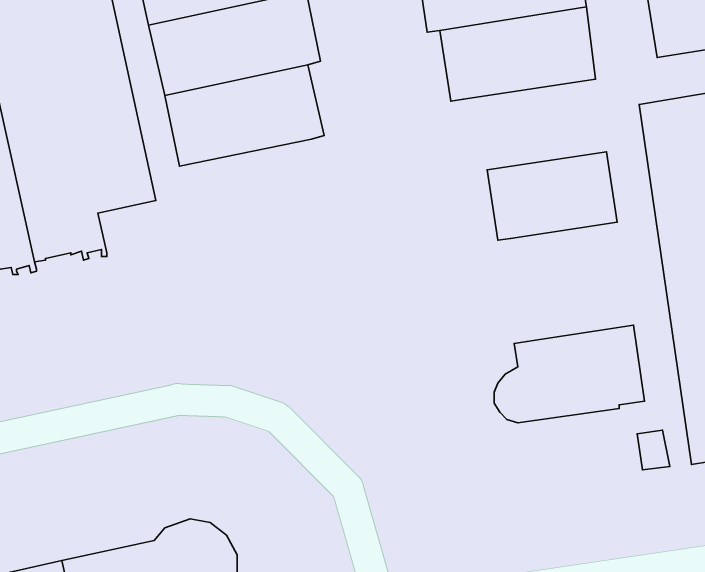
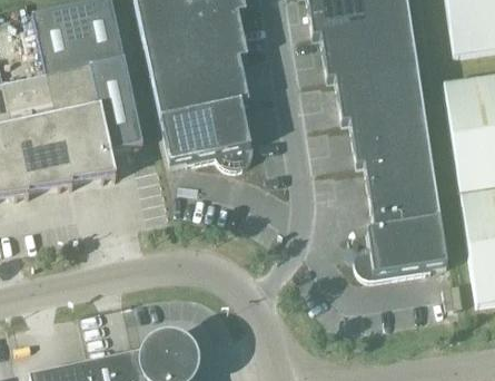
building: none -> [335,66,423,123]
building: none -> [160,102,253,167]
building: none -> [364,154,439,227]

